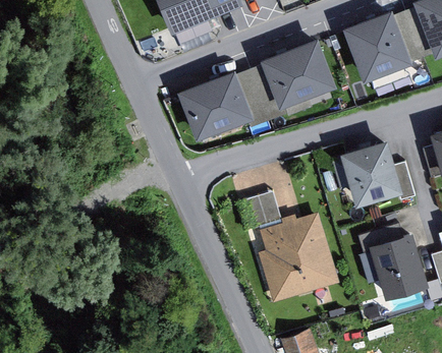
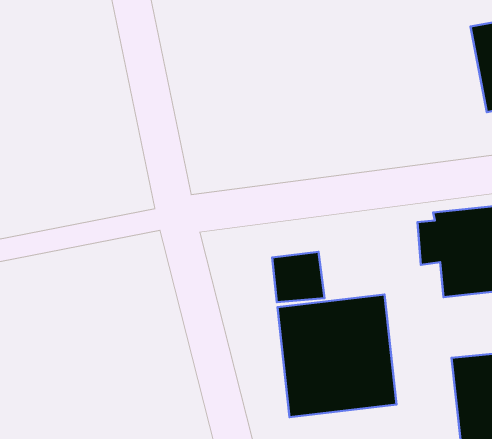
building: [260,40,336,110] -> none
building: [177,70,256,141] -> none

